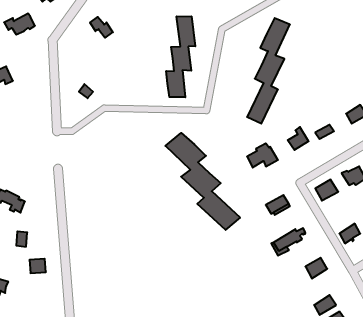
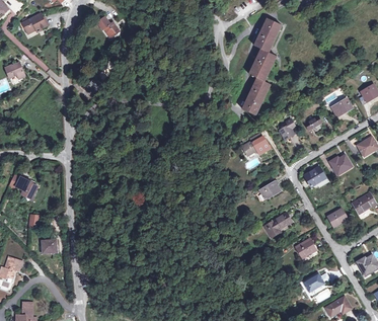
building: [166,16,195,97] -> none
building: [165,133,240,230] -> none

